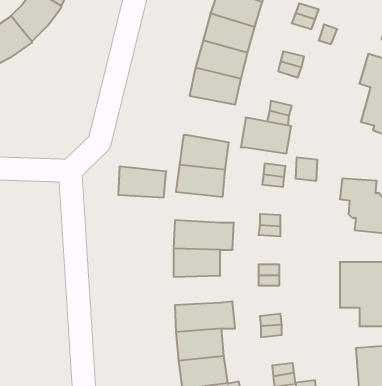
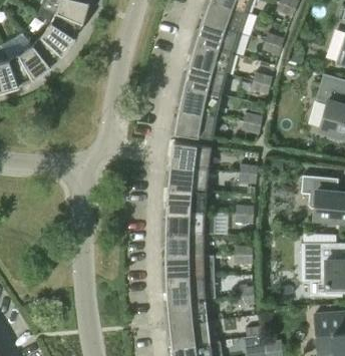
building: [241,118,291,153] -> [175,109,216,138]
building: [118,167,166,197] -> [166,188,206,213]
building: none -> [165,256,214,280]

